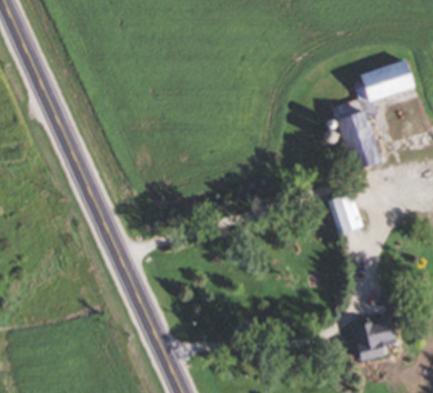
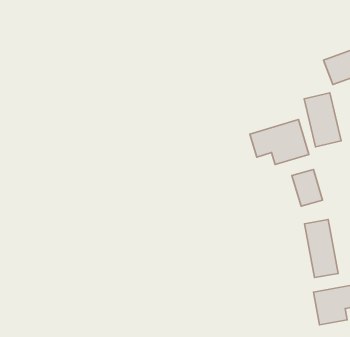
building: none -> [250,119,309,165]
building: none -> [304,220,338,278]

